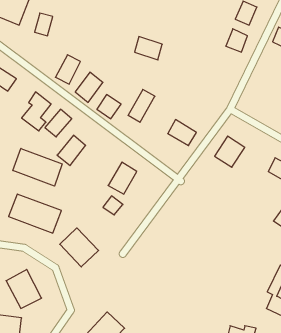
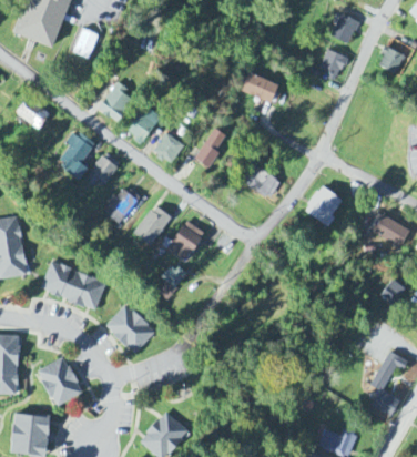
building: [135,37,162,60] -> [242,72,277,102]
building: [13,148,62,186] -> none
building: none -> [133,205,171,246]

